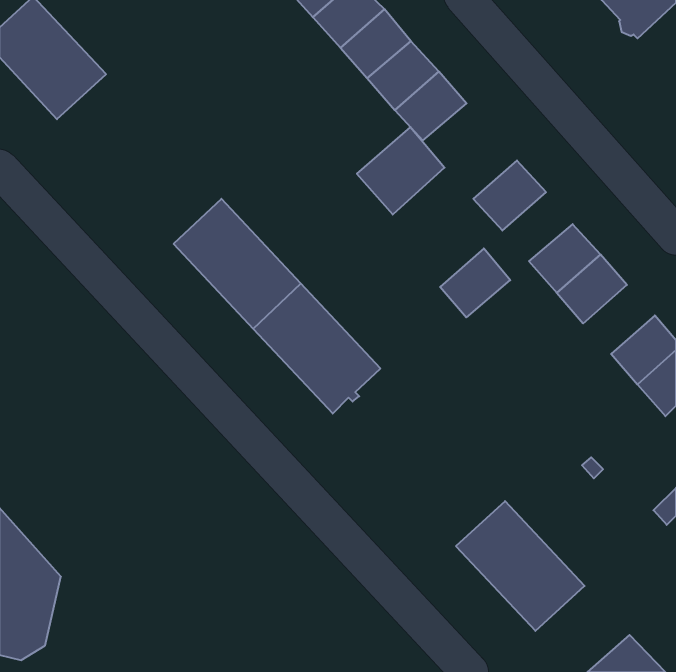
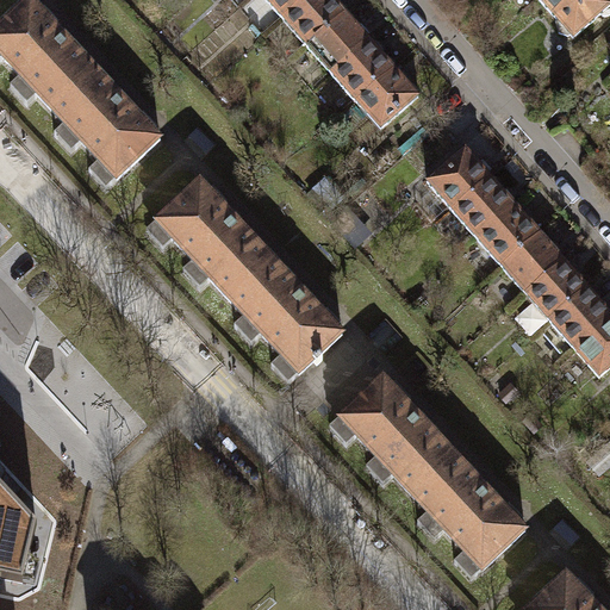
building: none -> [51,67,161,178]
building: [357,127,445,215] -> none
building: [440,248,510,317] -> [452,173,515,235]
building: none -> [524,256,589,318]
building: none -> [338,374,454,491]

